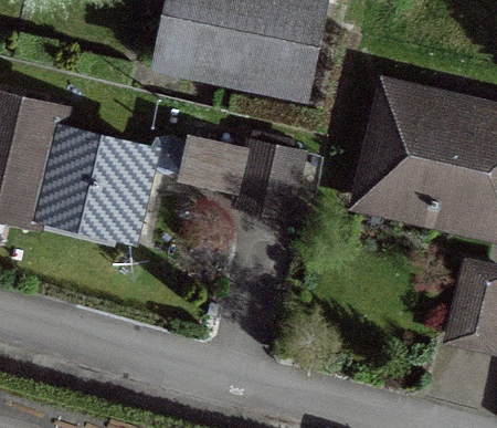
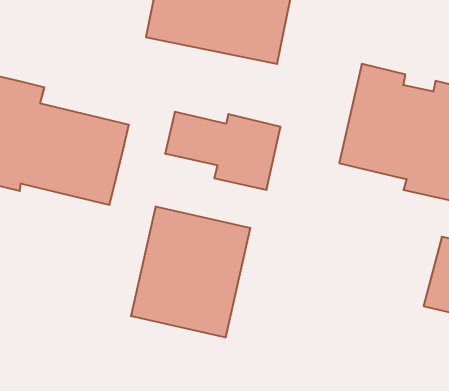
building: none -> [131,206,250,338]

